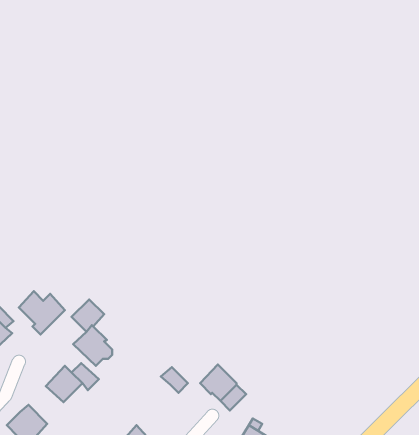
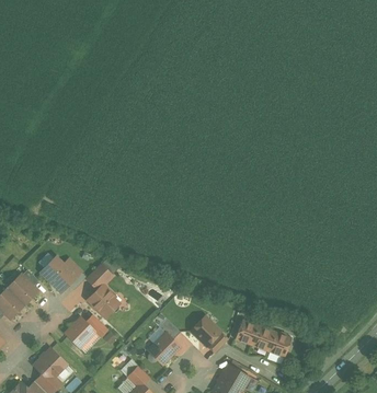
building: none -> [233,320,290,358]
building: none -> [148,333,180,365]

